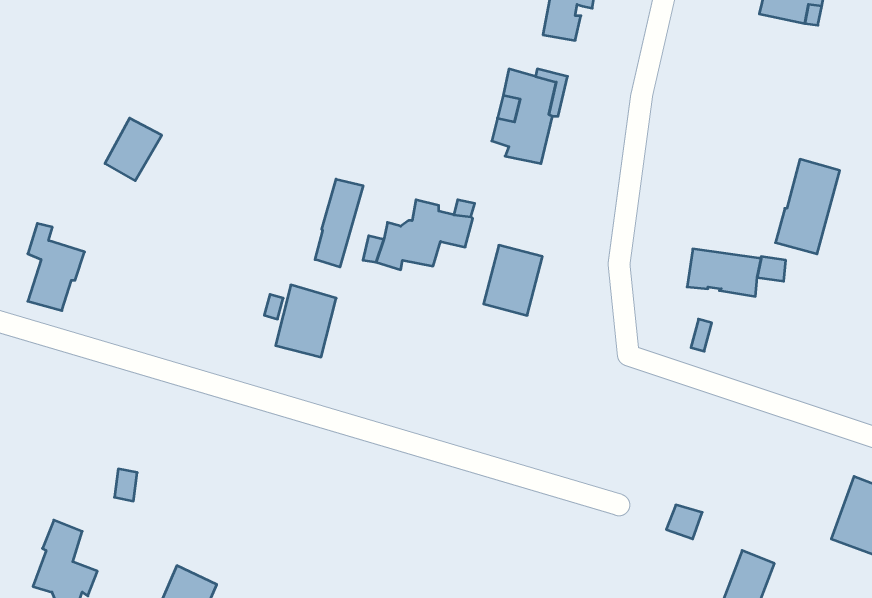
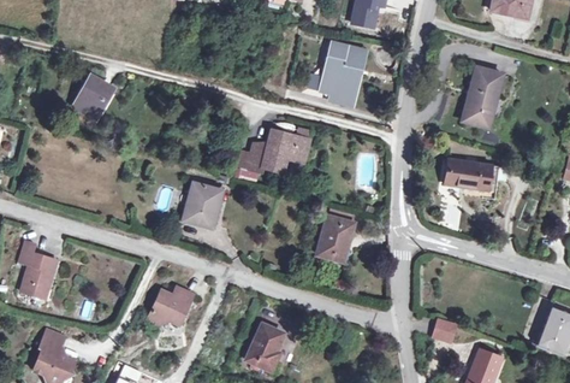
building: [775,159,840,254] -> [463,66,504,126]
building: [315,179,363,267] -> none
building: [28,223,85,311] -> [20,241,57,296]
building: [484,245,542,315] -> [317,216,355,260]
building: none -> [148,287,194,324]
building: none -> [247,323,283,370]

